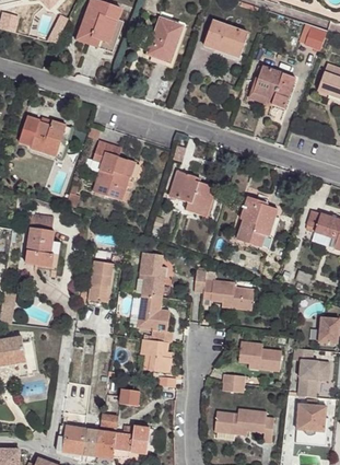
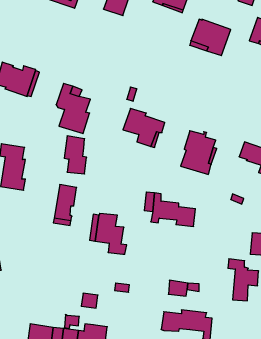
building: [138,252,164,297] -> [64,136,87,174]
building: [140,339,171,373] -> none
building: [237,341,281,372] -> none
building: [294,404,326,434] -> none

